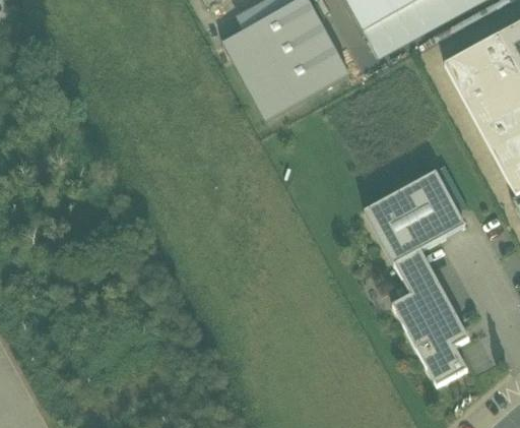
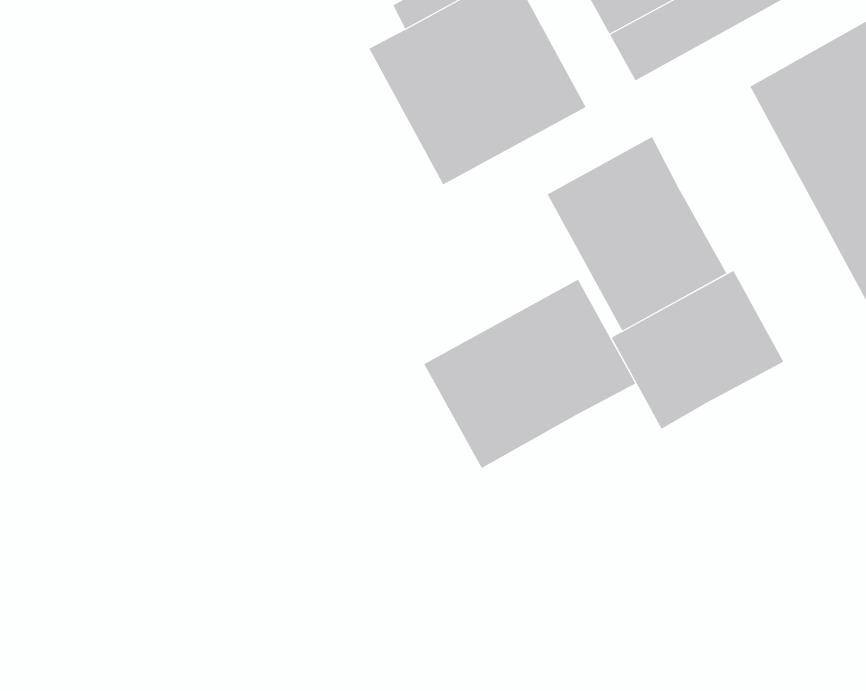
building: none -> [547,136,727,331]
building: none -> [424,279,636,469]
building: [392,247,468,383] -> none

